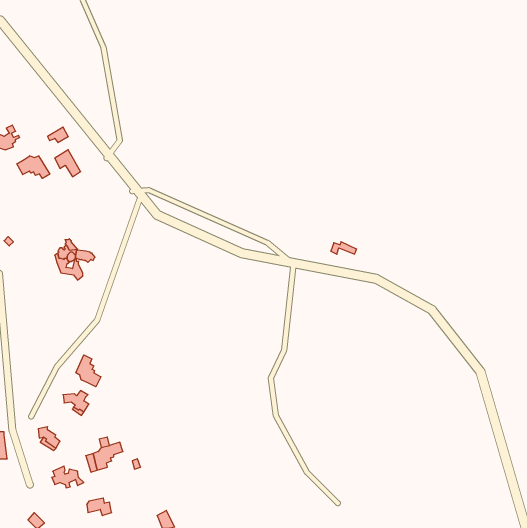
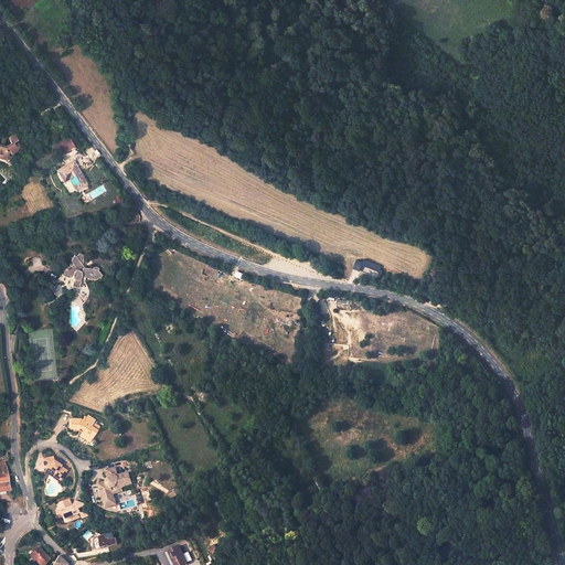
building: [17,156,50,178] -> none
building: [76,355,101,387] -> none

